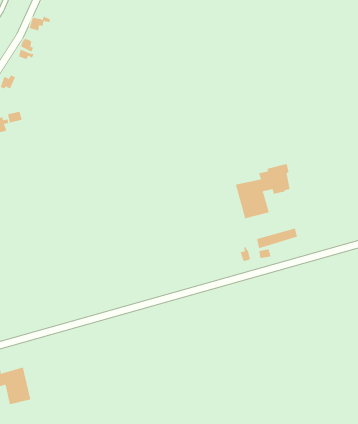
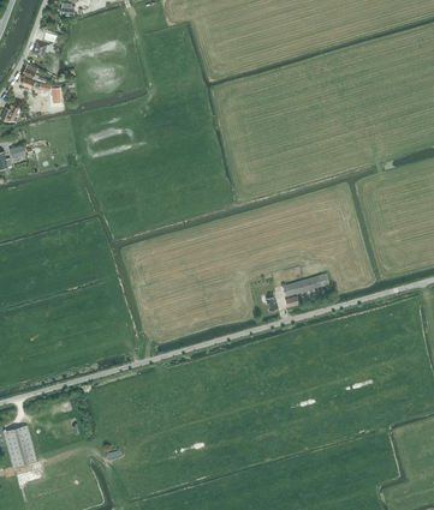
building: [235,163,290,219] -> none

